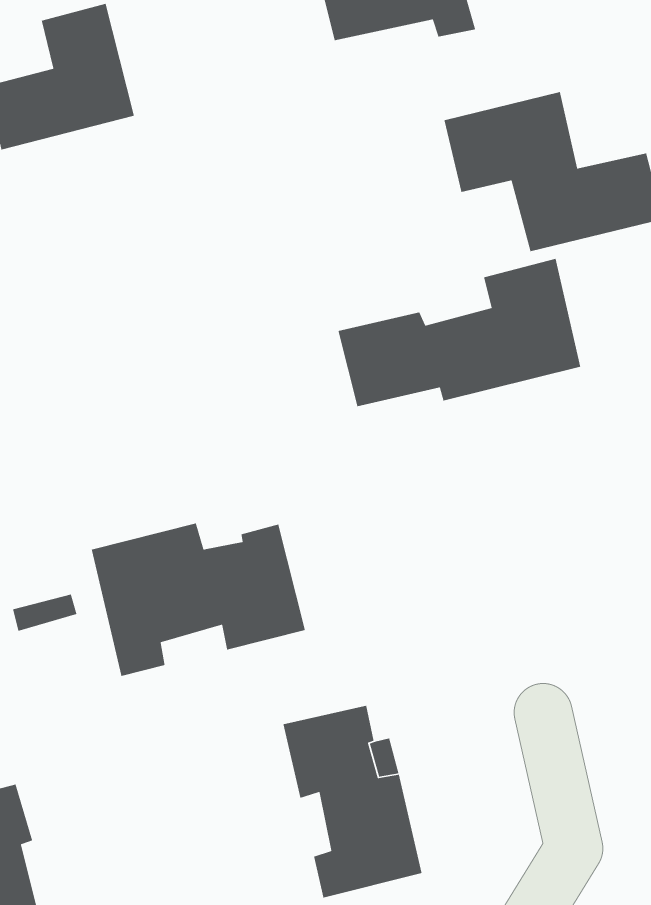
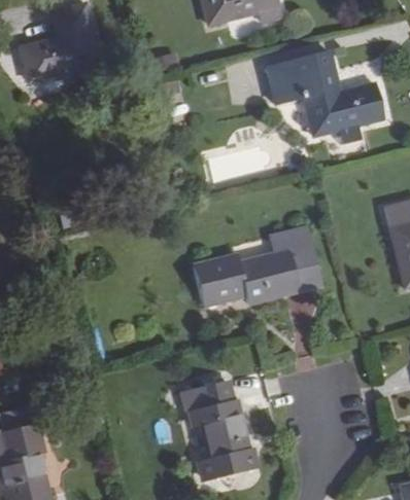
building: [338,258,581,407] -> [192,225,322,306]
building: [91,523,306,677] -> none

